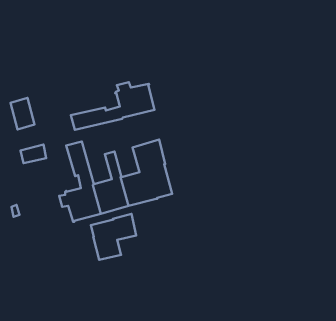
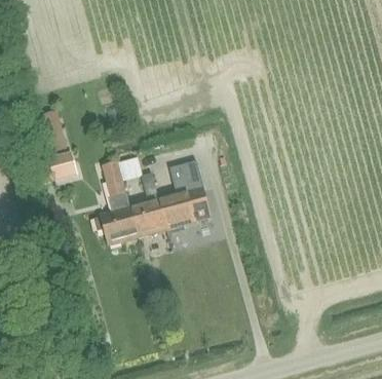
building: [71,82,155,130] -> none
building: [91,214,136,260] -> none

